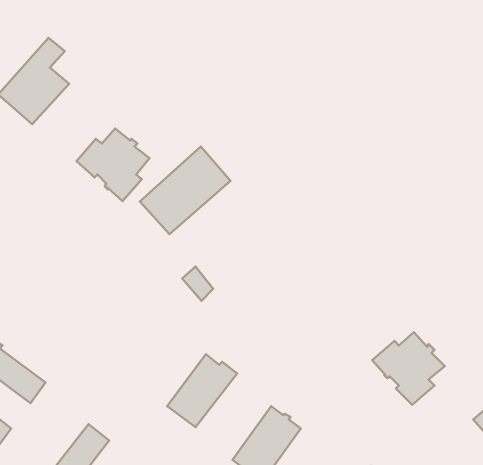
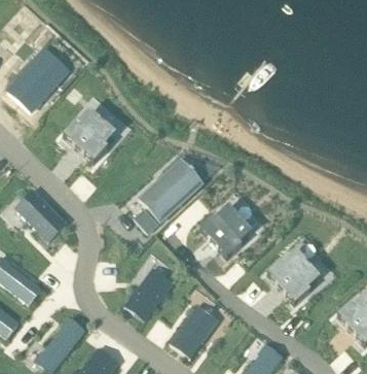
building: [140,147,230,234] -> [138,160,200,220]
building: none -> [17,189,66,240]
building: none -> [198,208,249,259]

